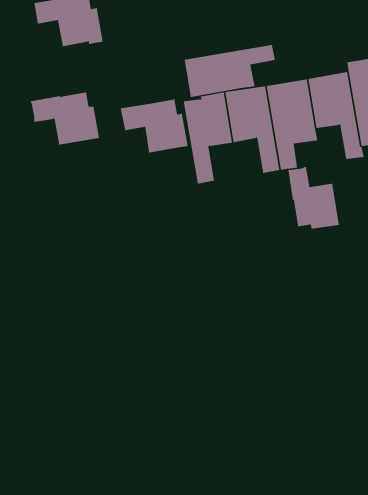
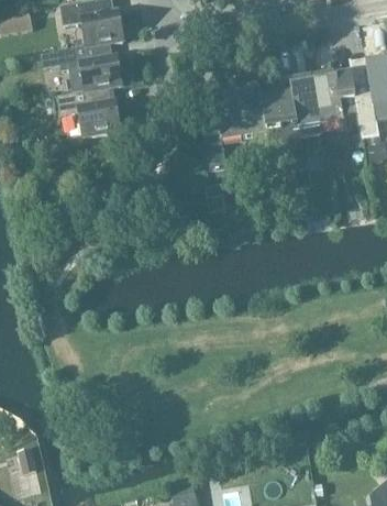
building: [184,44,275,98] -> none
building: [120,99,189,153] -> [58,43,122,94]
building: [288,166,340,230] -> none

